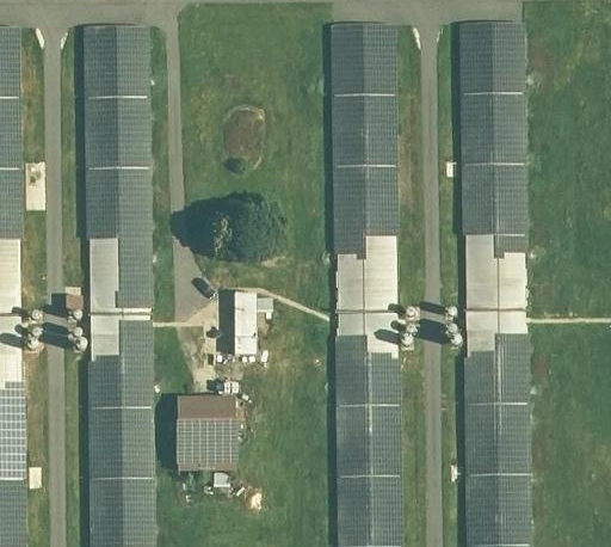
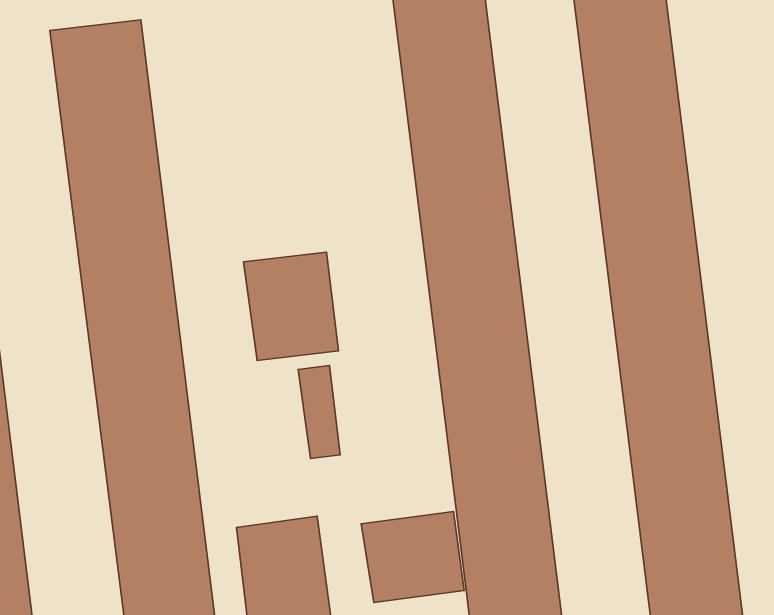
building: none -> [244,252,338,360]
building: none -> [361,512,464,603]

